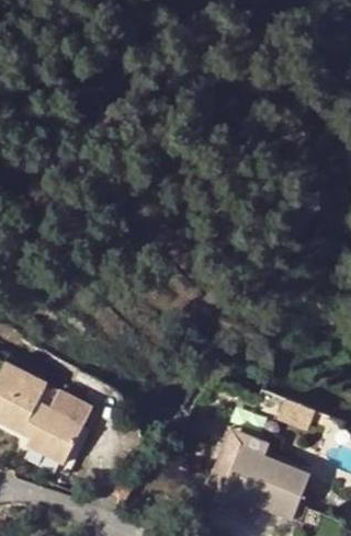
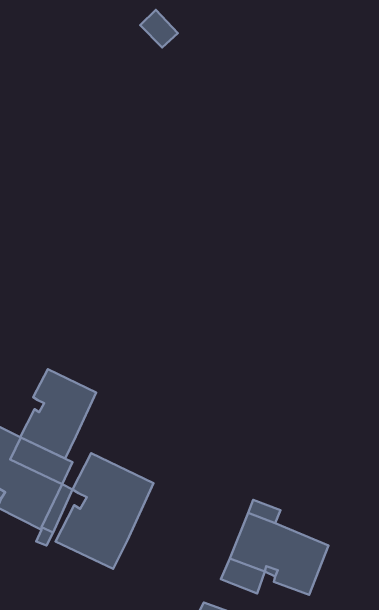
building: none -> [20,369,96,459]
building: none -> [56,453,153,569]

